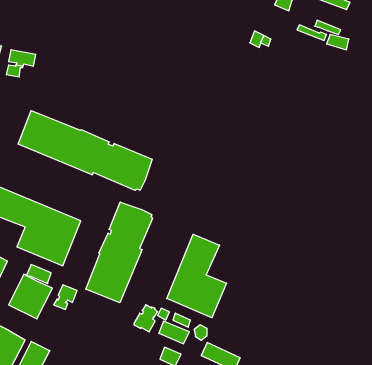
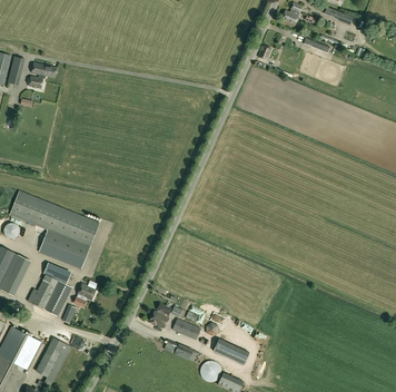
building: [18,111,152,190] -> none
building: [86,202,153,303] -> none
building: [167,234,226,318] -> none

